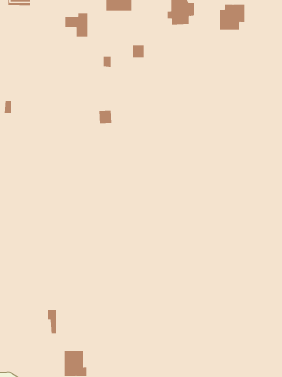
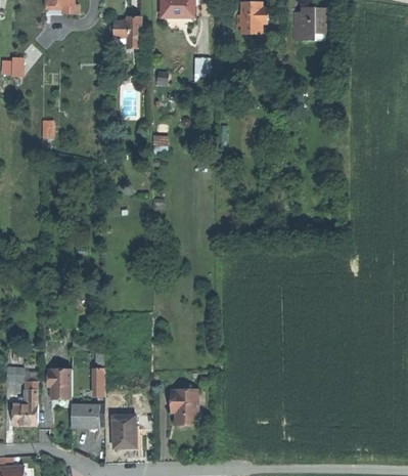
building: none -> [46,369,71,398]
building: none -> [176,388,195,422]
building: none -> [70,404,103,427]

